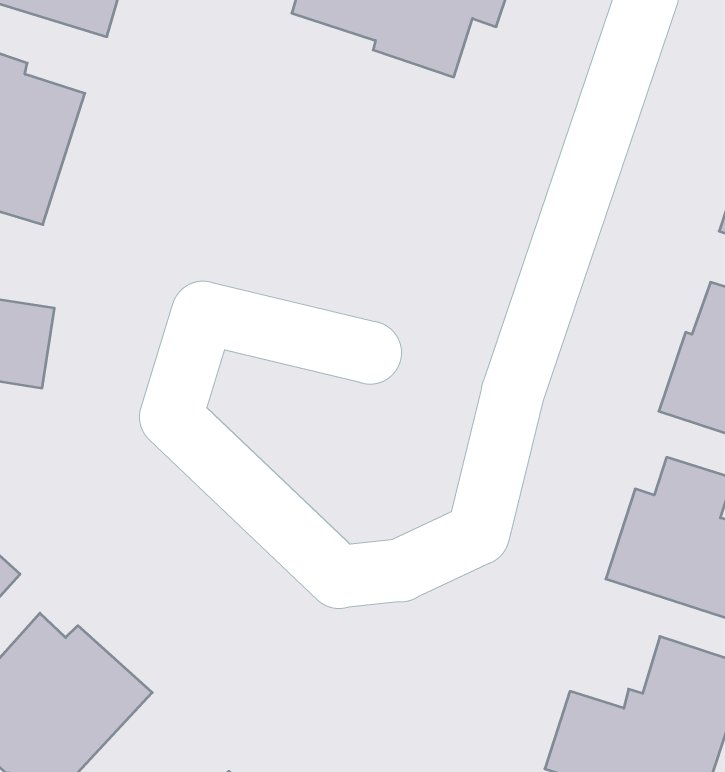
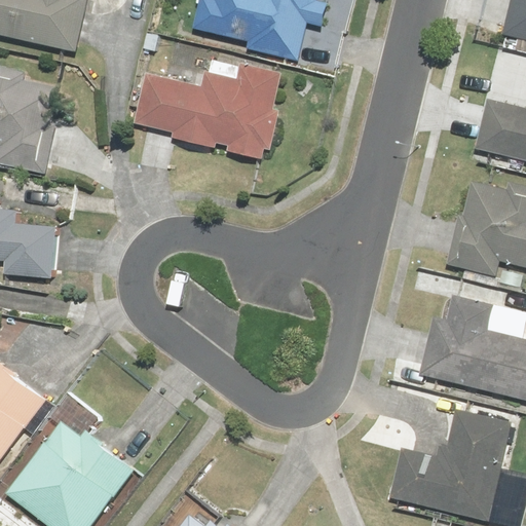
building: none -> [135,64,284,160]

